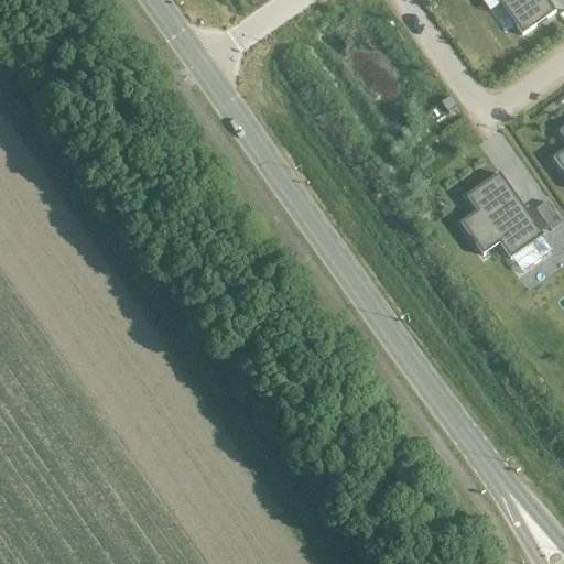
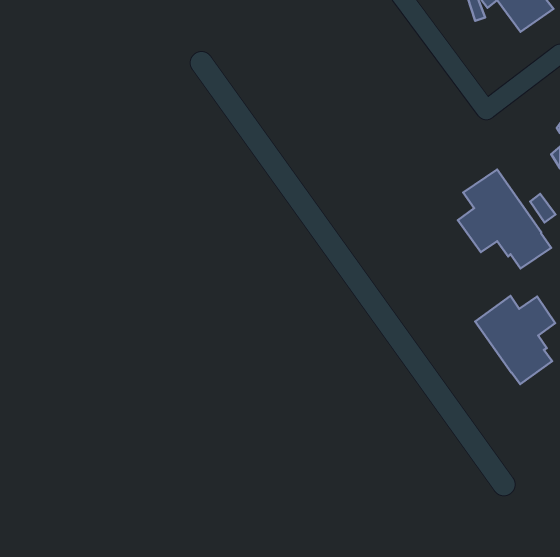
building: none -> [475,296,555,384]

